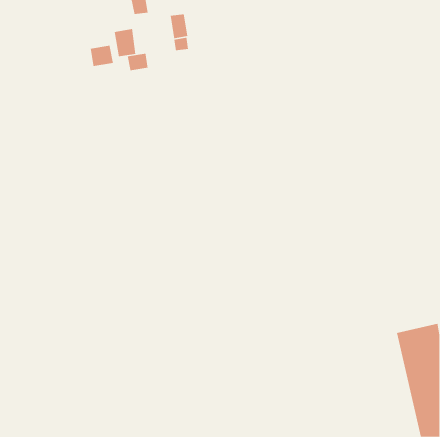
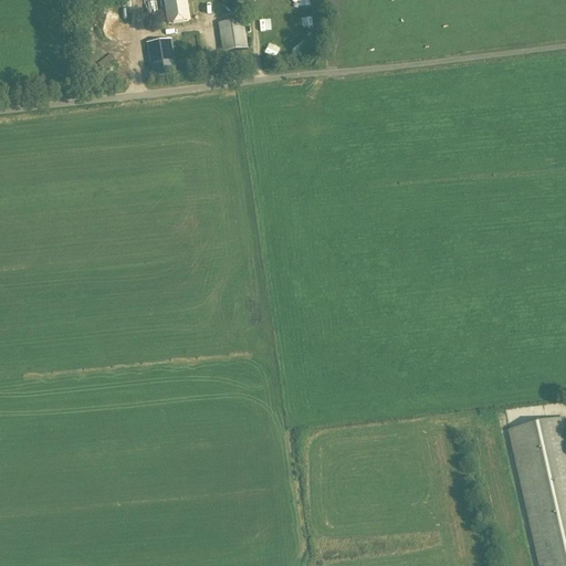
building: [90,45,113,67] -> none
building: [127,53,148,71] -> none

